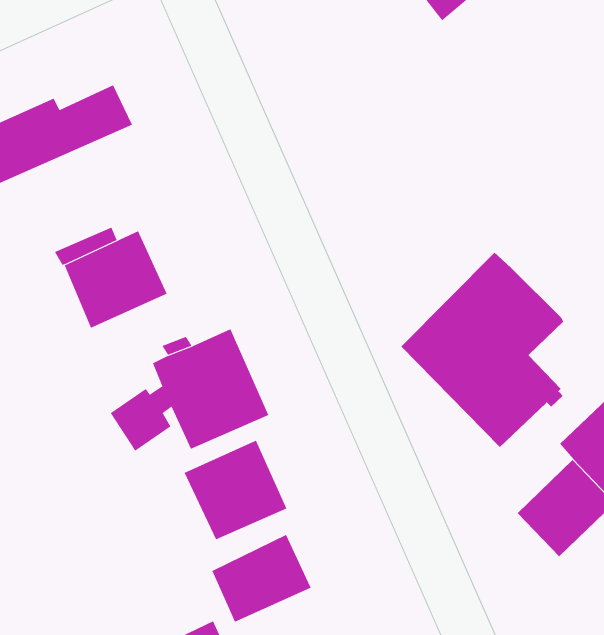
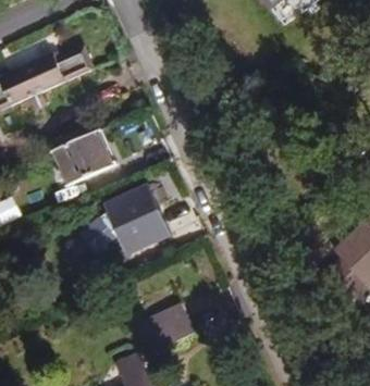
building: [401,252,564,448] -> none
building: [184,440,287,540] -> none

